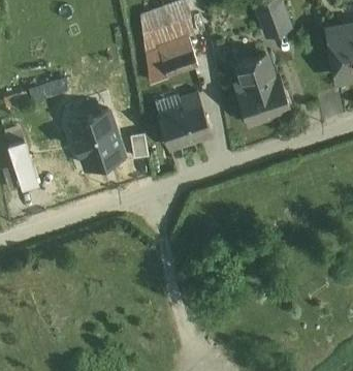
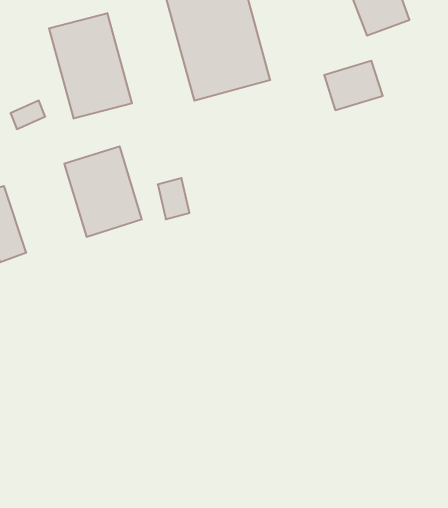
building: none -> [49,13,132,119]
building: [233,76,285,122] -> none
building: [156,101,212,151] -> none

